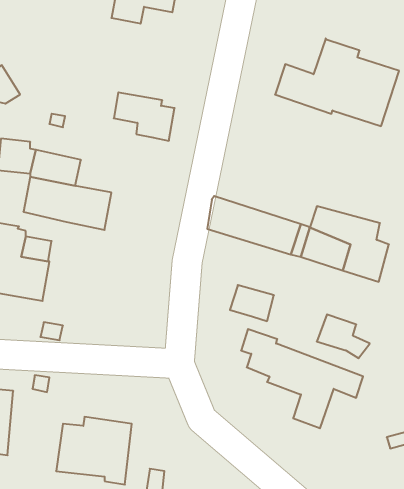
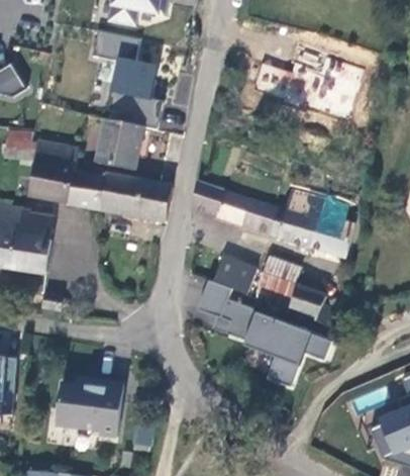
building: none -> [92,29,157,93]
building: none -> [97,118,143,169]
building: none -> [100,174,173,219]
building: none -> [258,255,300,298]
building: none -> [199,280,232,332]

